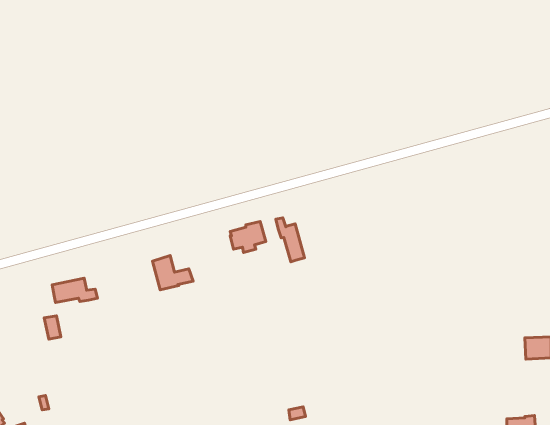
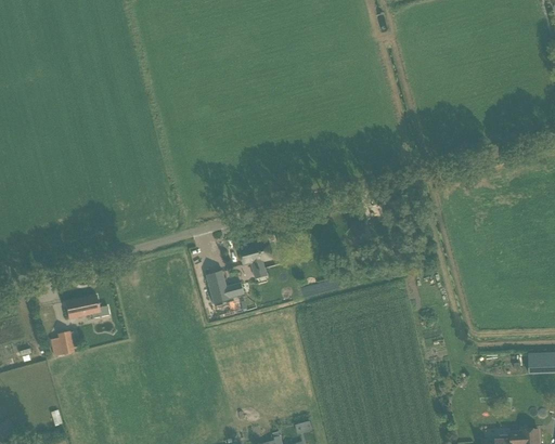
building: [276,218,304,262] -> none
building: [152,256,193,290] -> [205,270,245,303]

